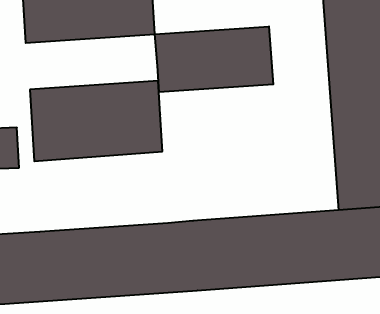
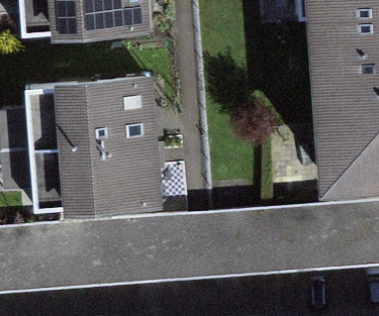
building: [155,26,273,92] -> none
building: none -> [38,147,163,222]

